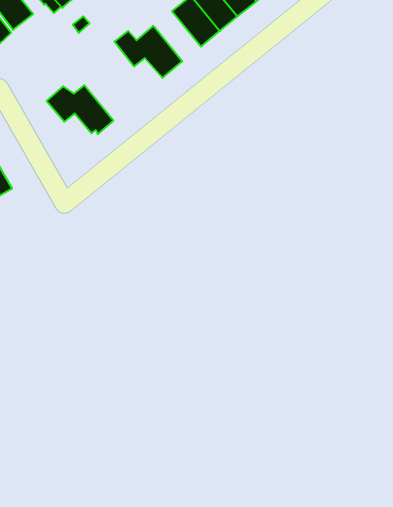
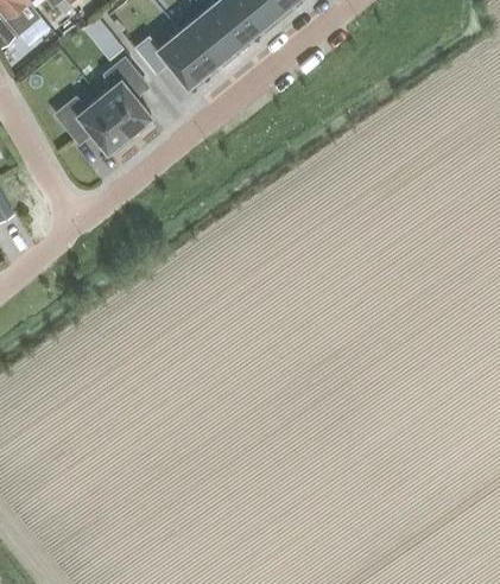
building: none -> [177,13,232,70]
building: none -> [99,58,151,138]

